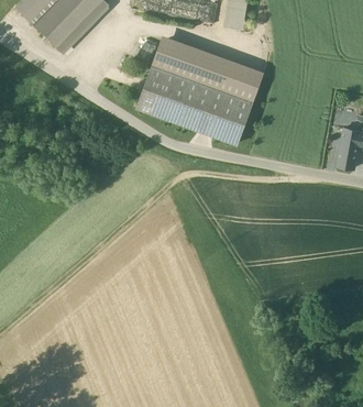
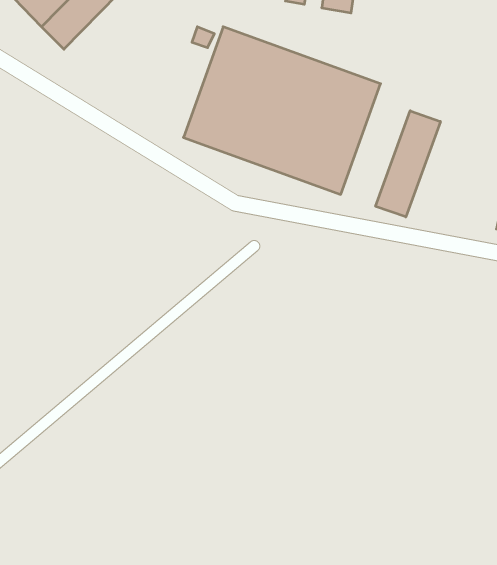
building: none -> [376,111,440,217]

